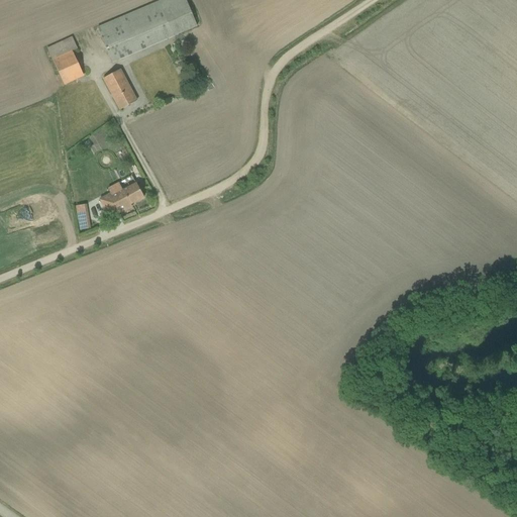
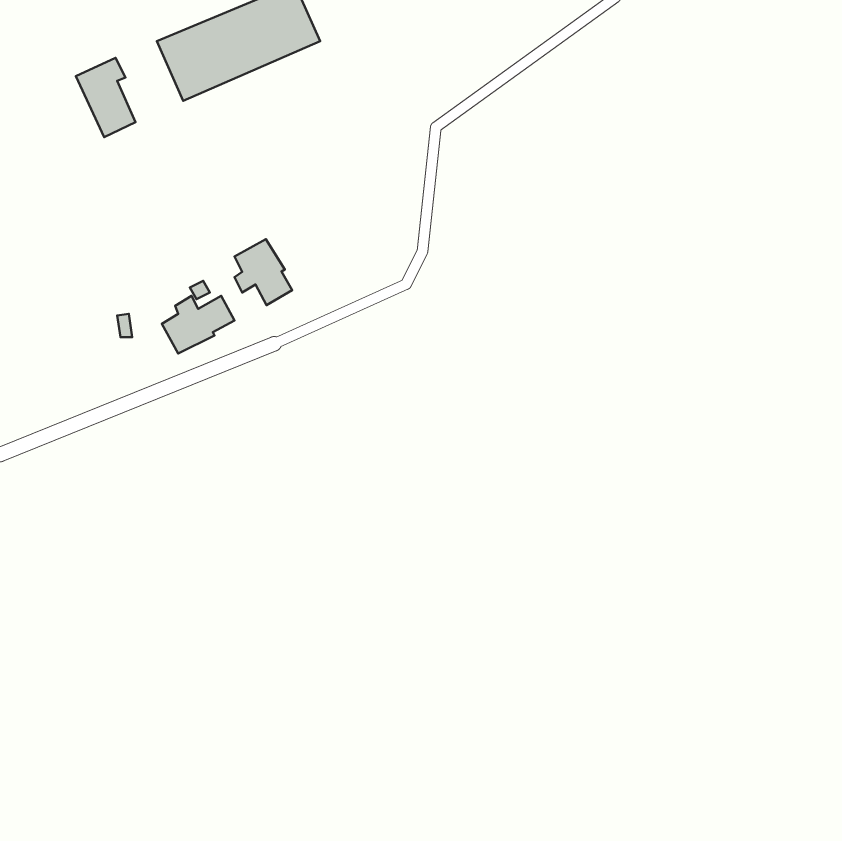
building: [103,68,138,109] -> none
building: none -> [234,239,292,305]

